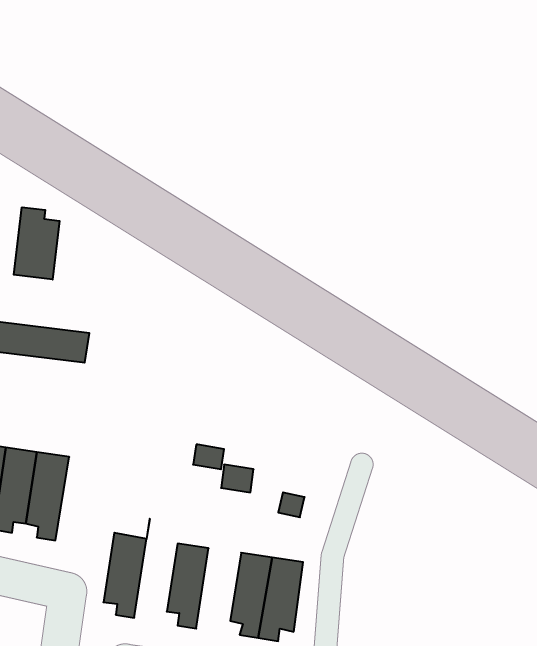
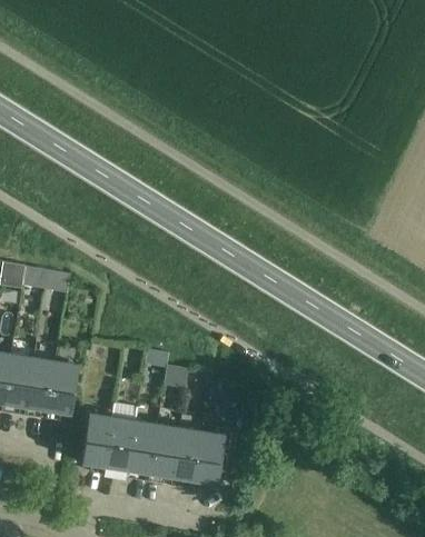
building: [14,207,60,280] -> none
building: none -> [47,359,79,421]
building: none -> [103,404,137,477]
building: none -> [148,425,180,485]

